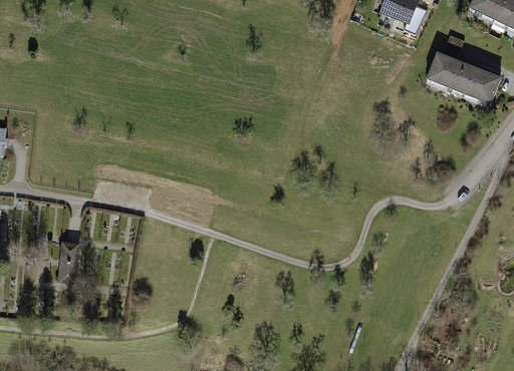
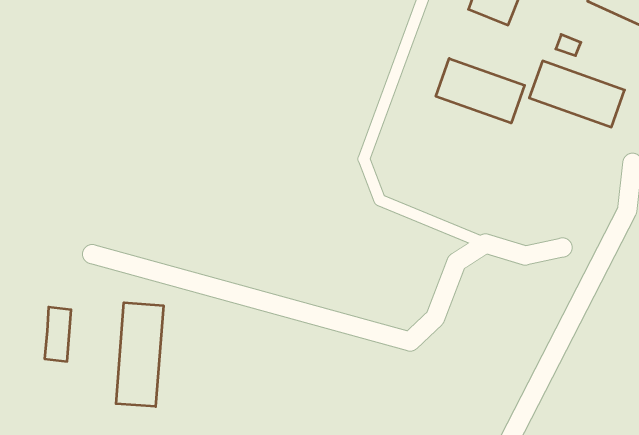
building: none -> [436,58,525,123]
building: none -> [116,303,163,407]

